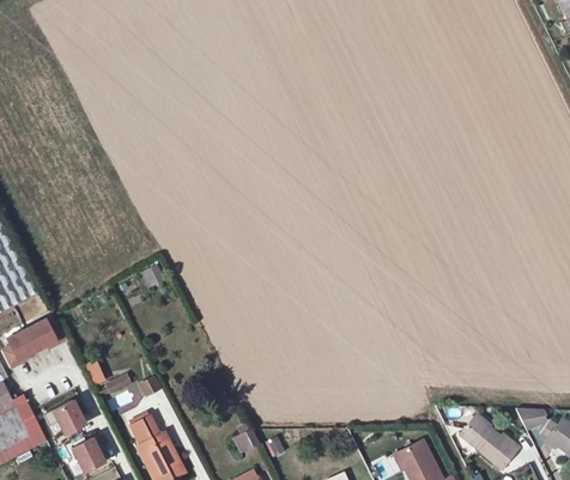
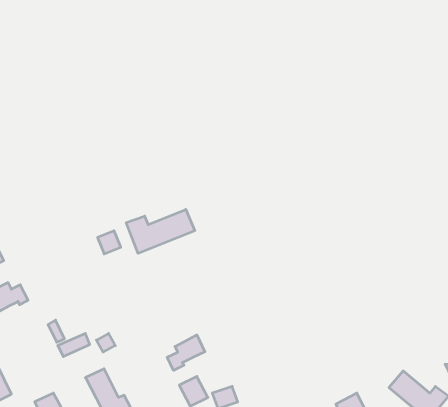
building: none -> [126,209,195,253]
building: none -> [167,335,205,370]
building: [54,401,87,436] -> none

